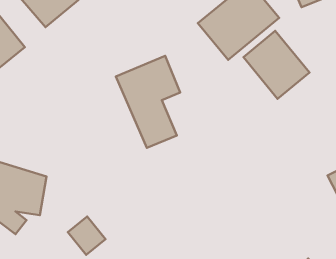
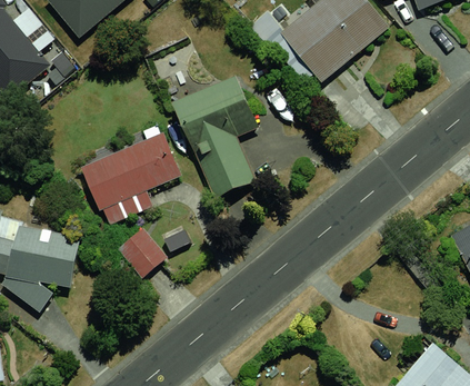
building: [243,31,310,99] -> none
building: none -> [80,131,182,211]
building: [68,216,105,255] -> [117,228,167,279]

